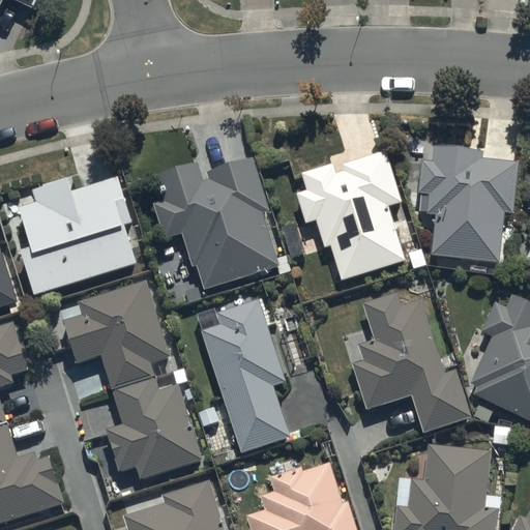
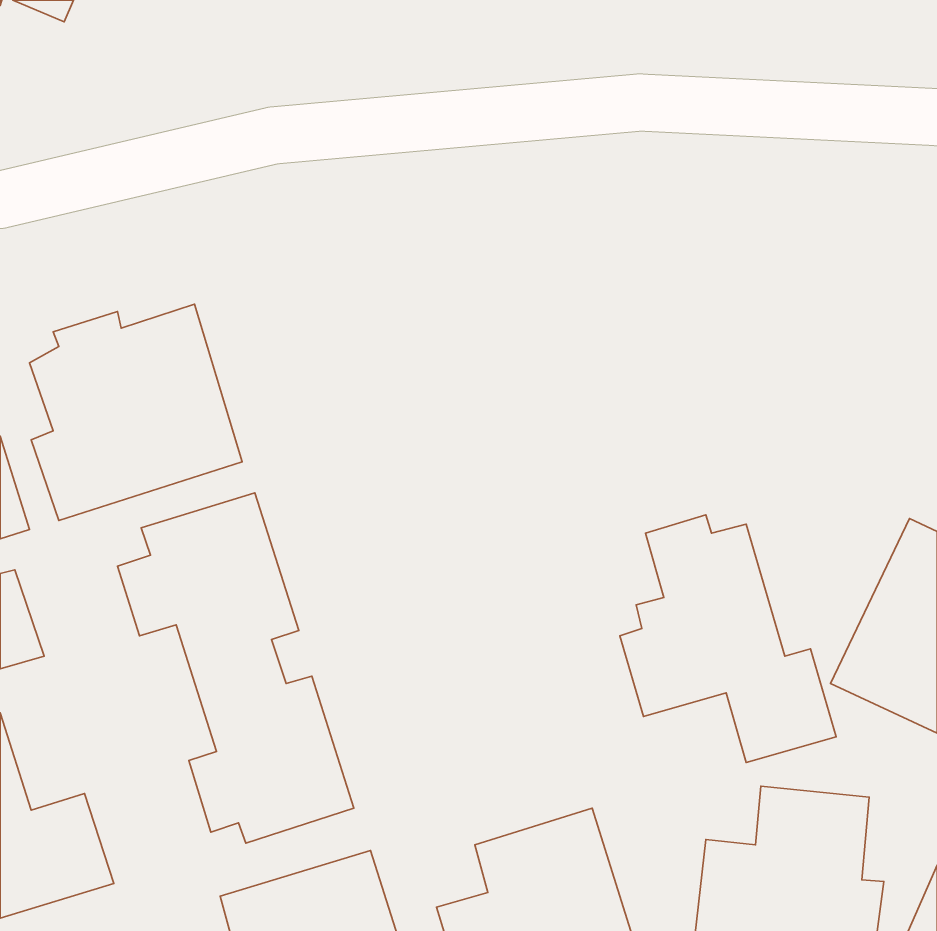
building: [425,141,509,263] -> none
building: [302,147,406,282] -> none
building: [152,155,281,290] -> none
building: [201,301,288,452] -> none

